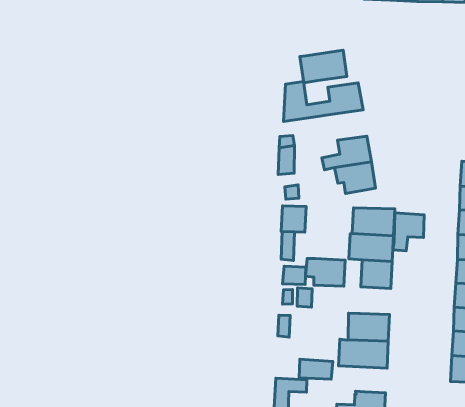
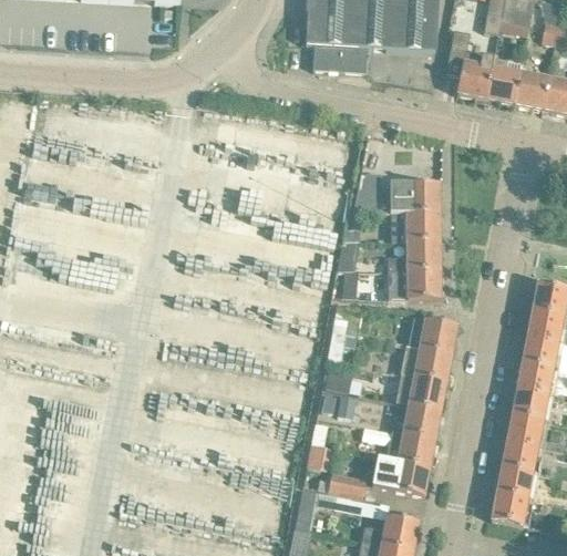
building: [300,50,347,83] -> [391,212,439,240]
building: [393,213,424,251] -> none
building: [306,258,345,286] -> [395,401,441,436]

